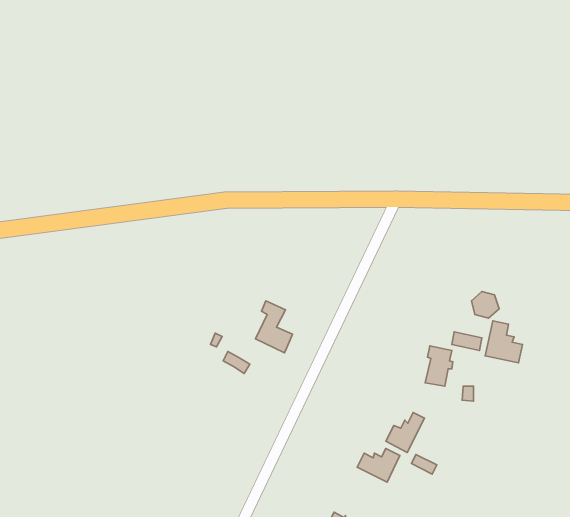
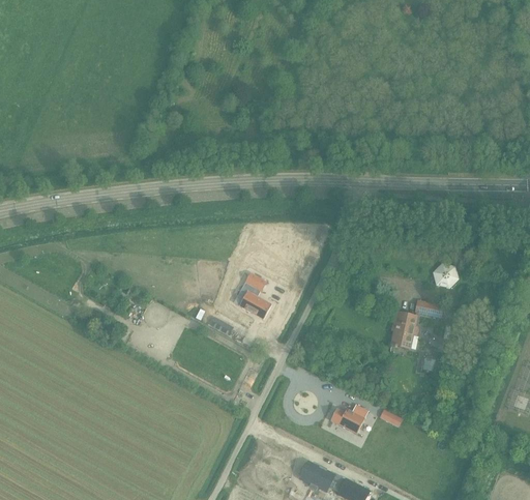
building: [485,321,522,363] -> none
building: [386,412,424,453] -> none

